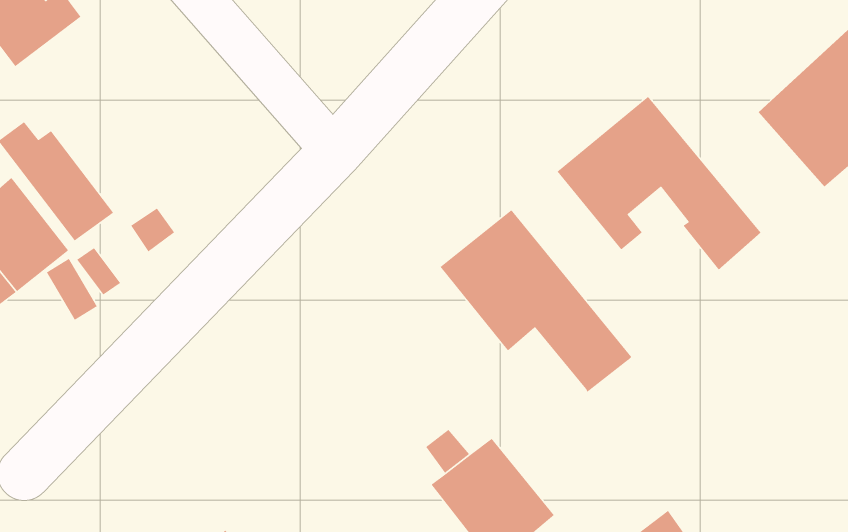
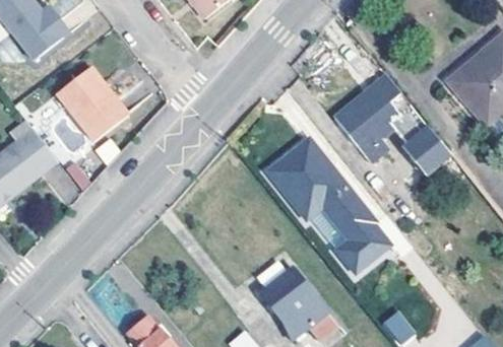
building: none -> [53,63,125,137]
building: none -> [337,223,391,272]

